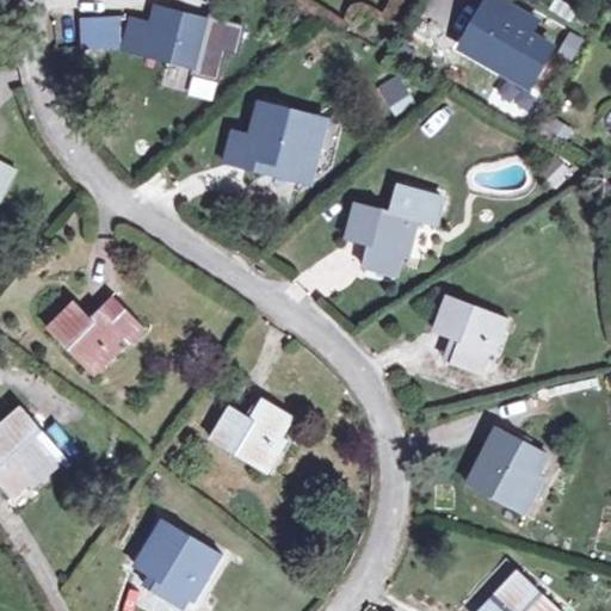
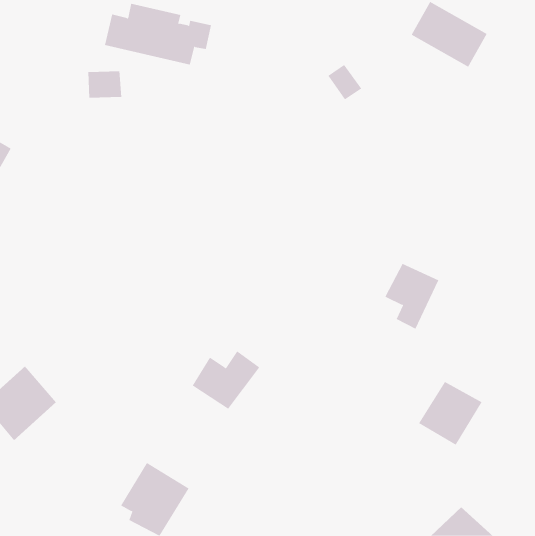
building: [75,18,115,49] -> [88,71,122,98]
building: [227,113,322,187] -> none
building: [347,189,434,276] -> none
building: [50,304,146,374] -> none

